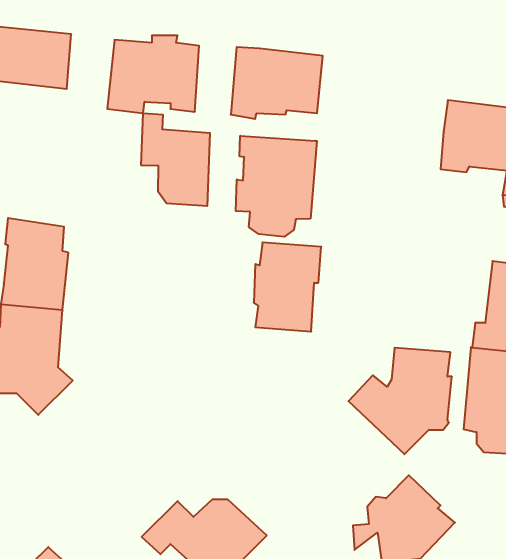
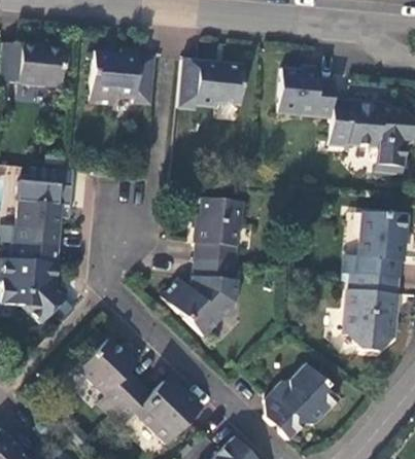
building: none -> [278,68,334,118]
building: [141,113,210,206] -> none
building: [236,136,317,237] -> none
building: [348,348,452,454] -> [163,258,237,334]
building: none -> [79,341,140,415]

